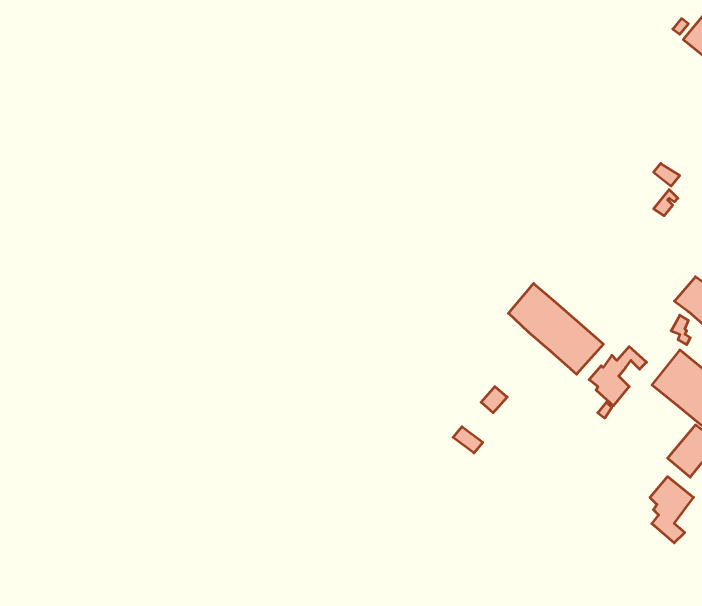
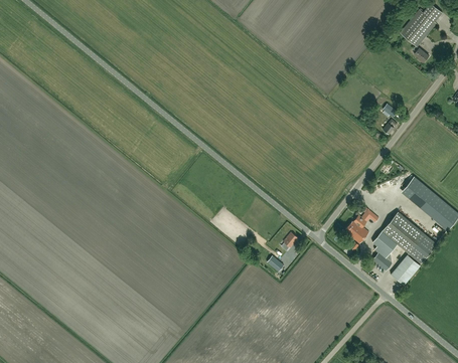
building: [508,283,603,374] -> none
building: [650,477,694,543] -> [371,231,397,269]

